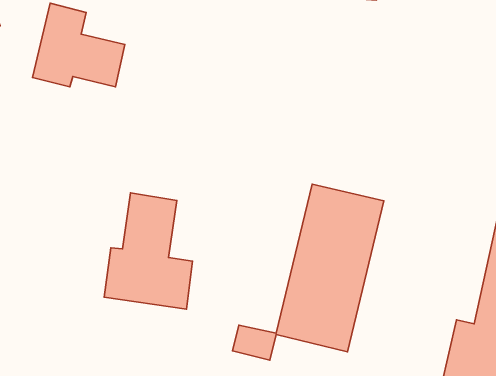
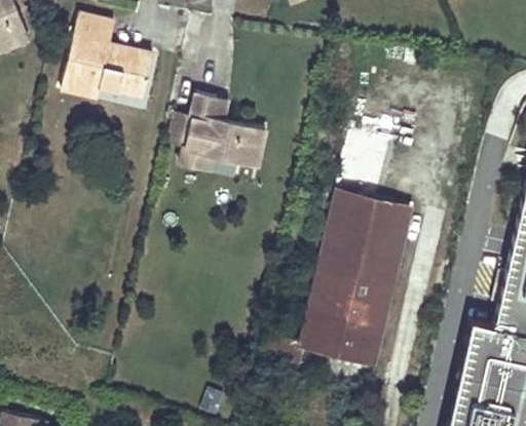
building: none -> [174,94,265,176]
building: [104,193,193,309] -> none

